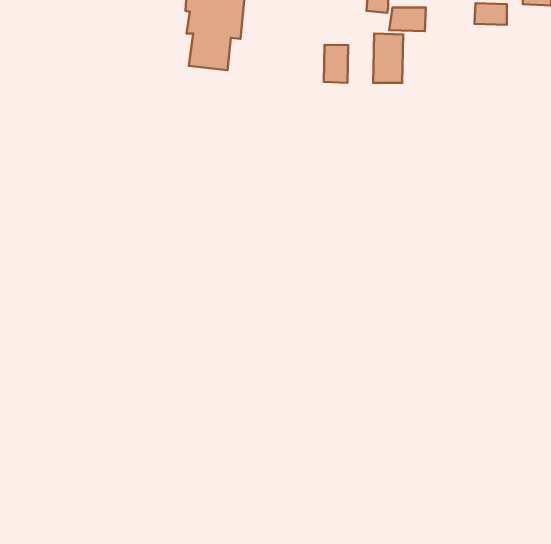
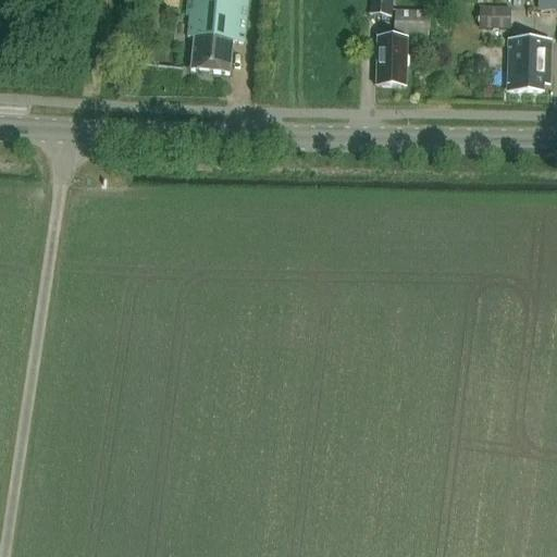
building: none -> [508,38,549,88]
building: [324,45,348,83] -> none

